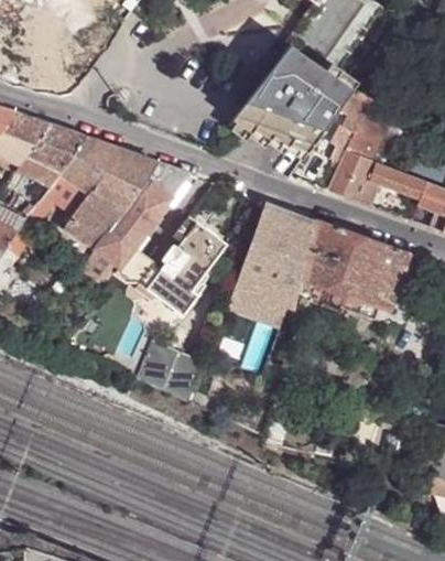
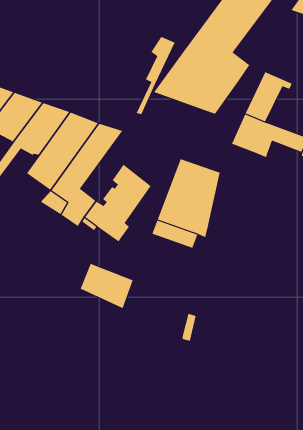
building: [321,90,371,191] -> [136,36,175,115]
building: [300,220,410,312] -> none

